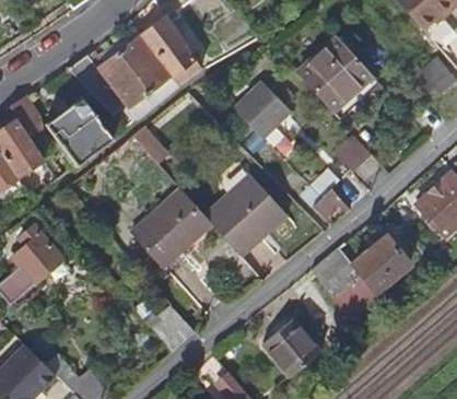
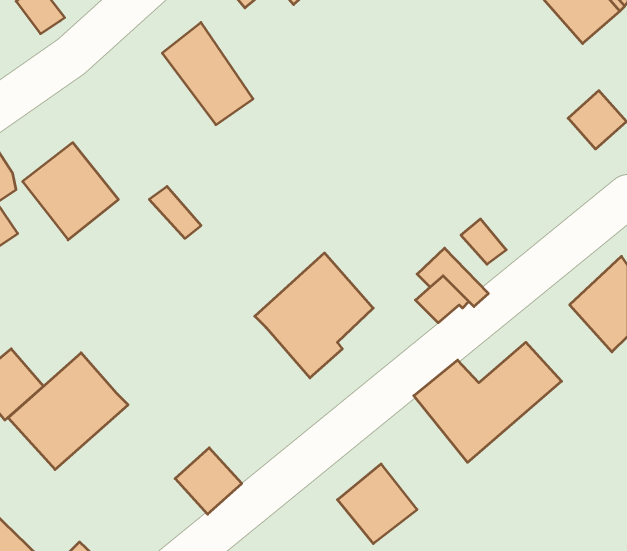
building: [70,36,177,118] -> none
building: [297,40,368,113] -> none
building: [233,84,288,139] -> none
building: [130,186,211,265] -> [8,353,128,470]

